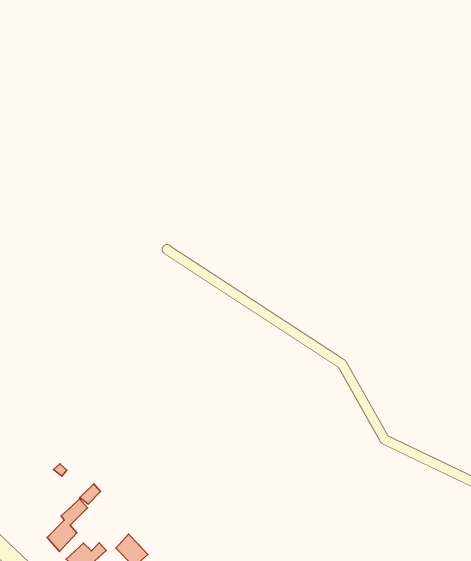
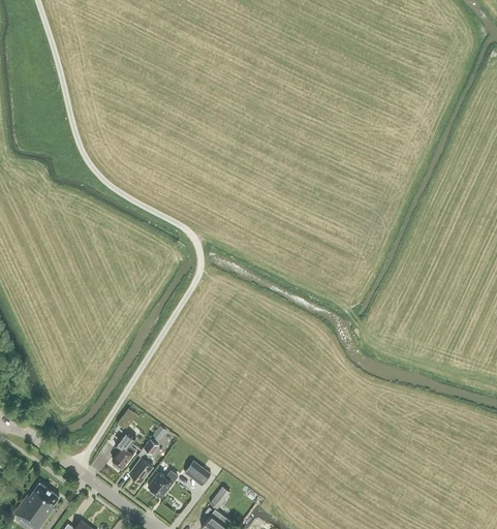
building: none -> [112,431,135,468]

